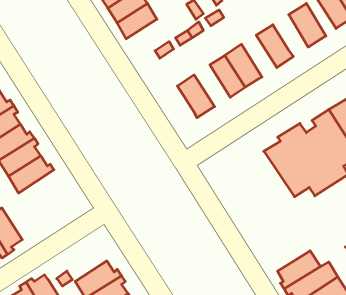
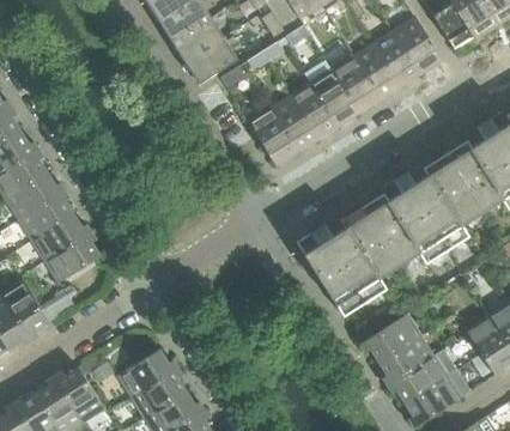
building: none -> [372,31,418,85]
building: none -> [183,37,237,84]
building: none -> [332,57,377,111]
building: none -> [271,96,317,150]
building: none -> [297,207,400,316]
building: none -> [44,231,99,283]
building: none -> [359,314,420,362]

